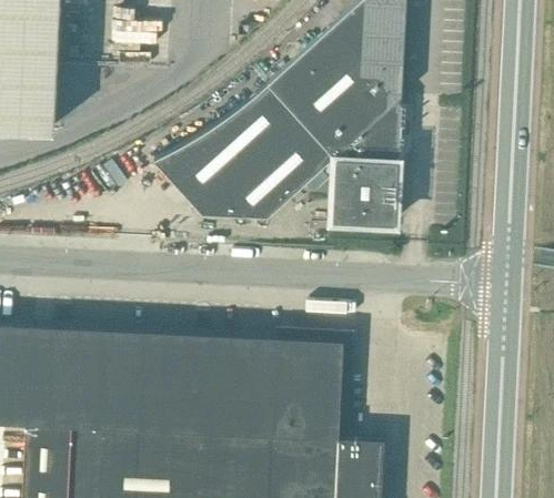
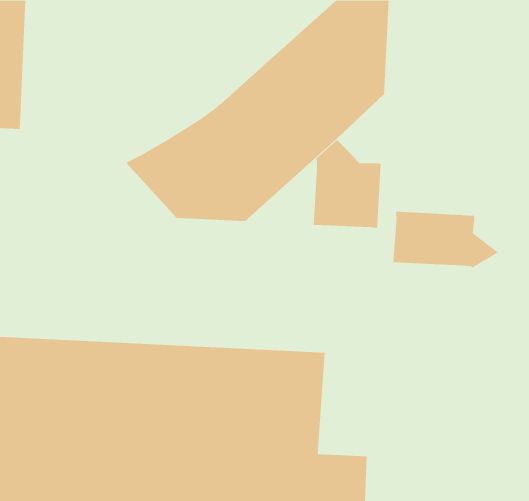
building: [354,103,409,163] -> none
building: none -> [393,211,499,268]

